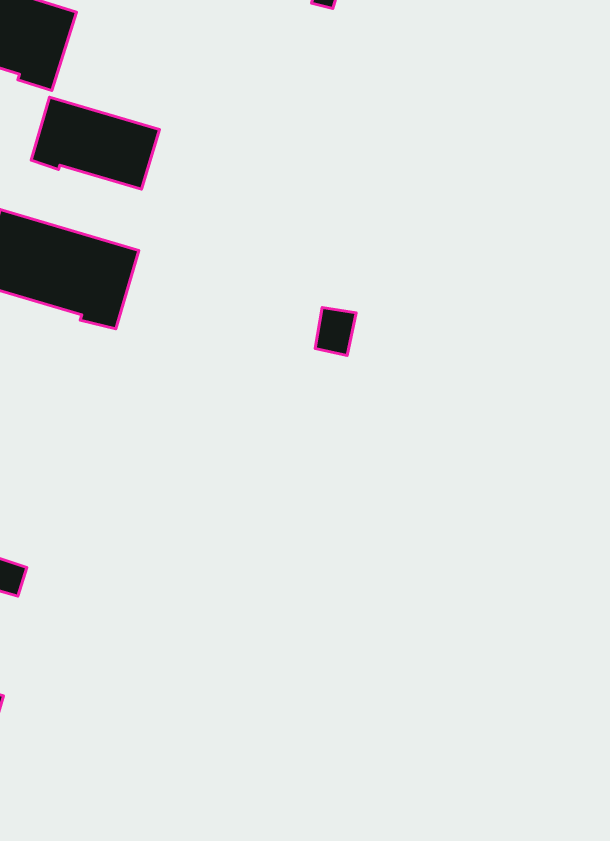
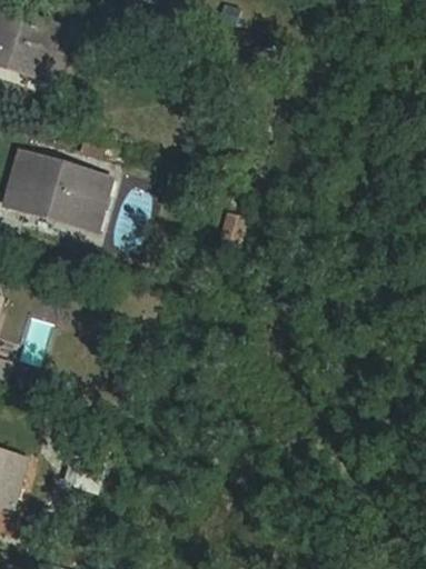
building: [31,97,160,189] -> none

